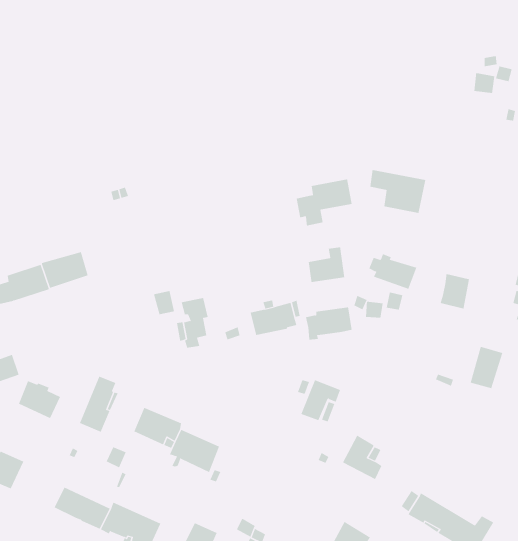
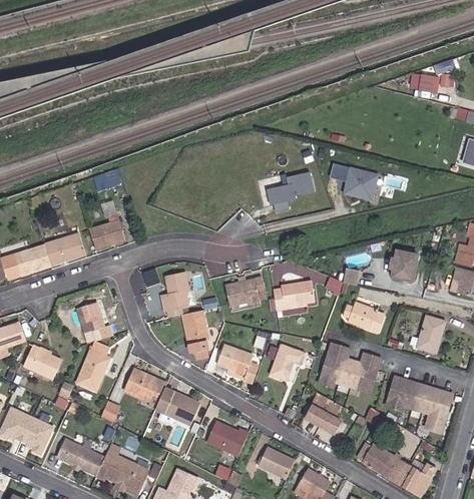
building: none -> [89,219,125,248]
building: [308,247,345,283] -> none
building: [369,254,417,289] -> [343,302,385,333]
building: none -> [77,302,112,338]
building: none -> [182,310,210,352]
building: none -> [319,342,381,392]
building: none -> [216,344,259,384]
building: none -> [385,376,452,433]
building: none -> [18,415,50,454]
building: none -> [208,421,249,455]
building: none -> [259,447,296,479]

